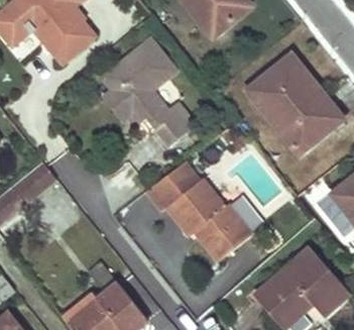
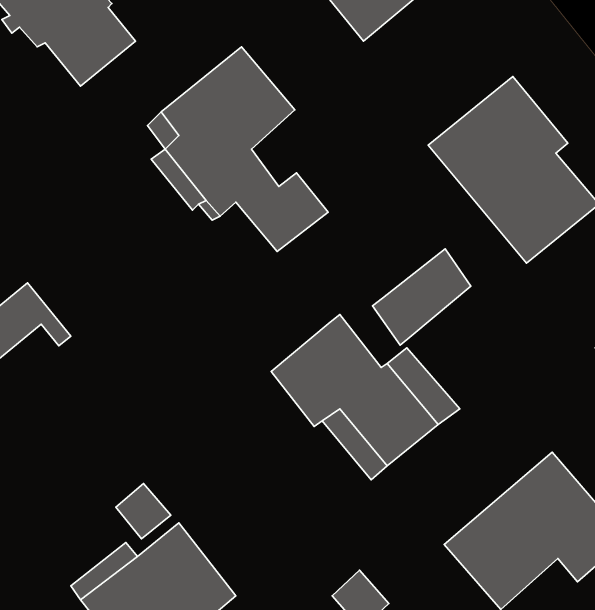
building: [146,162,197,212] -> [373,249,471,345]

